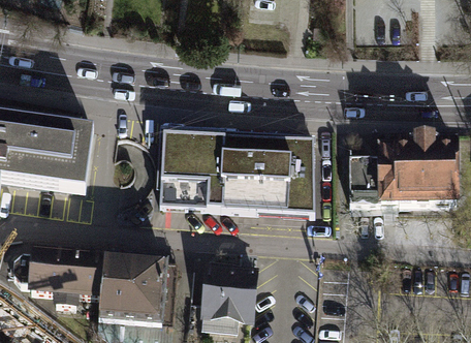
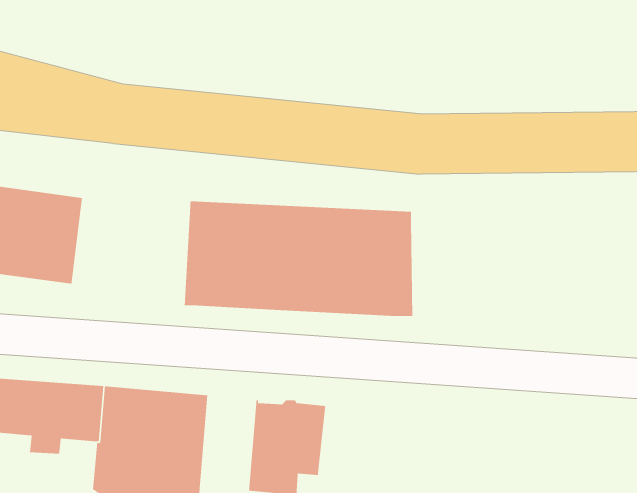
building: [347,145,456,209] -> none

